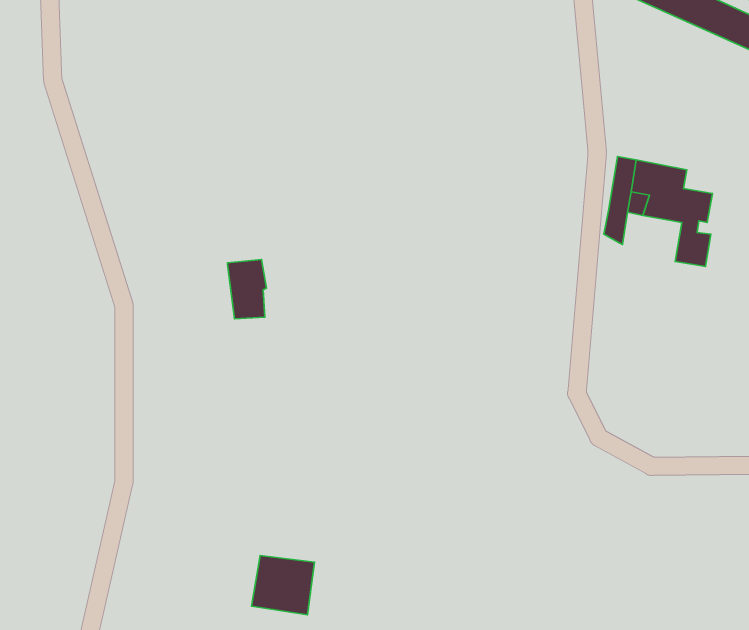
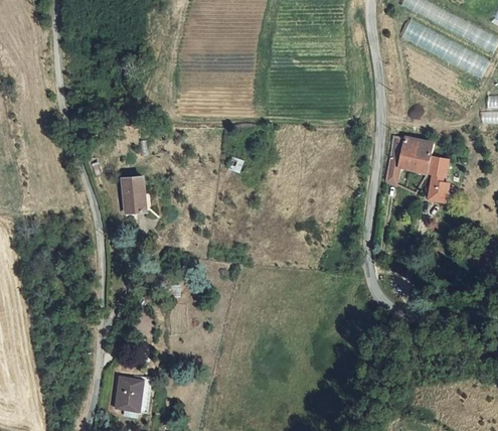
building: [228,259,267,319] -> [123,177,146,212]
building: [252,555,314,615] -> [115,376,152,411]

